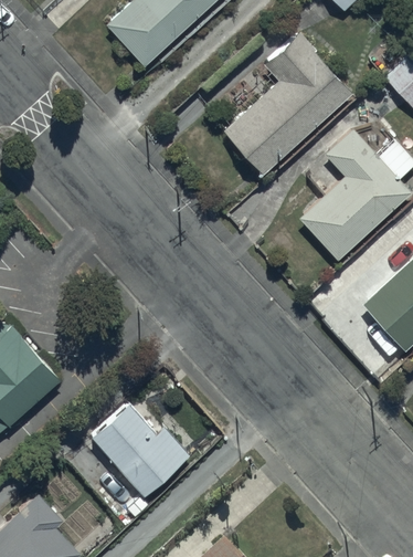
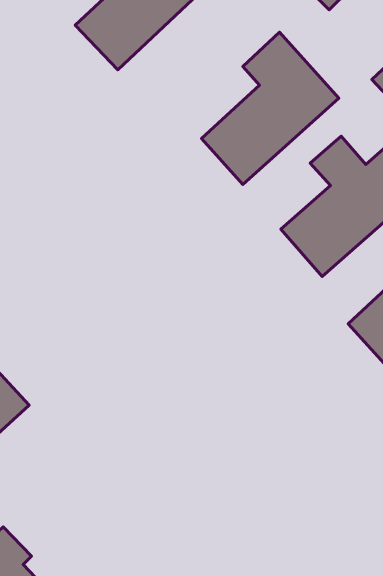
building: [91,404,190,497] -> none

